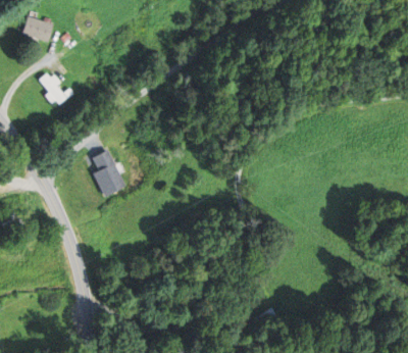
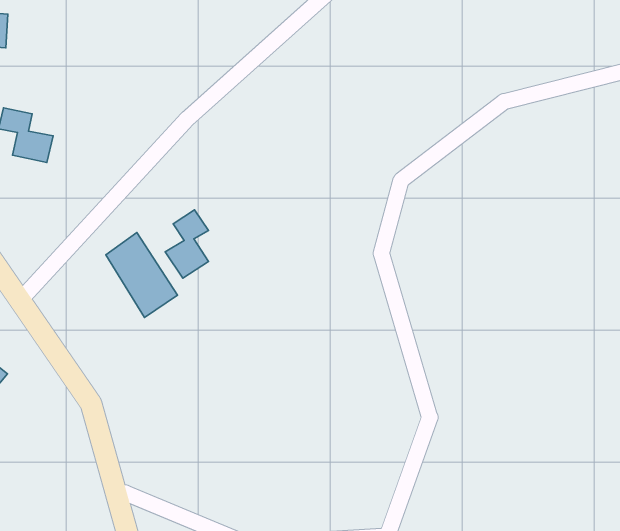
building: none -> [165,210,209,278]

